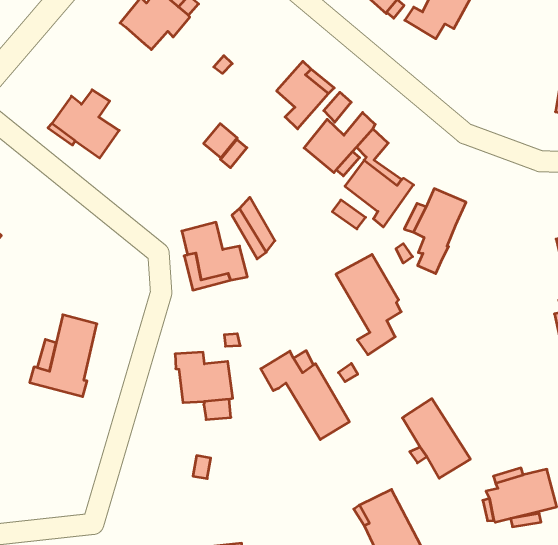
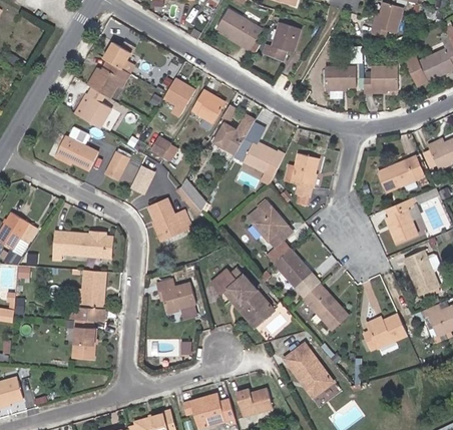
building: none -> [74,87,111,128]
building: none -> [163,78,195,117]
building: none -> [324,66,356,87]
building: none -> [105,151,129,180]
building: none -> [131,163,156,193]
building: none -> [52,231,113,261]
building: none -> [273,249,320,297]
building: none -> [223,289,275,328]
building: none -> [72,320,96,360]

